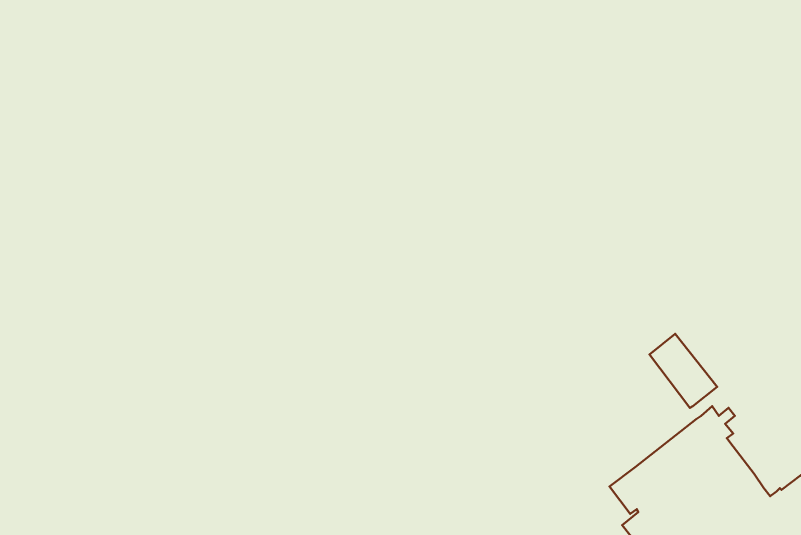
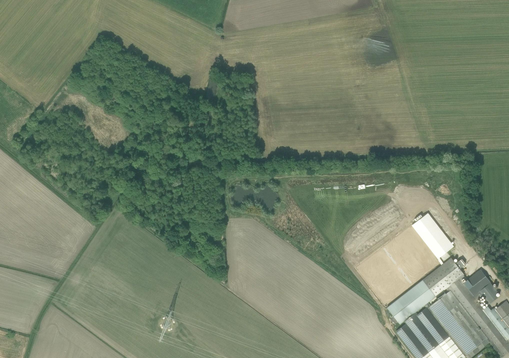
building: none -> [464,268,498,303]

